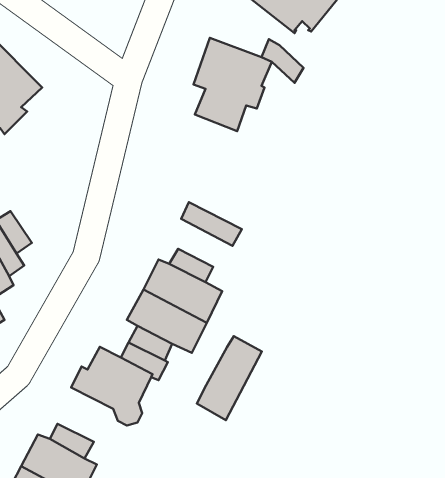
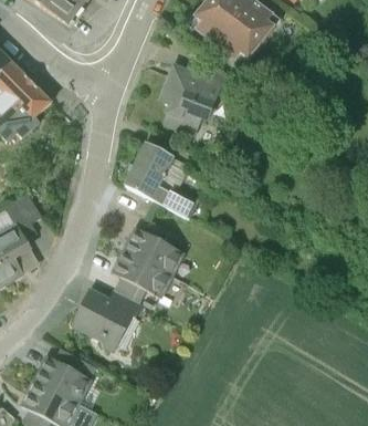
building: none -> [124,142,171,198]
building: [197,336,262,420] -> none

